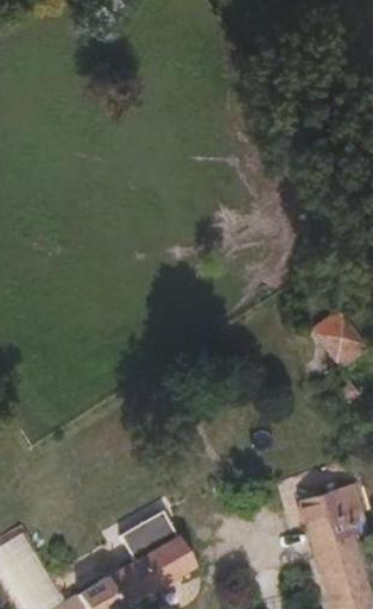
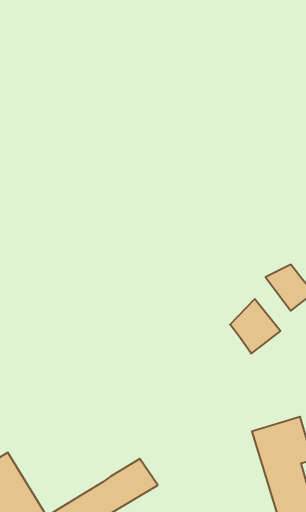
building: none -> [230,299,280,354]
building: [115,507,173,559] -> none

